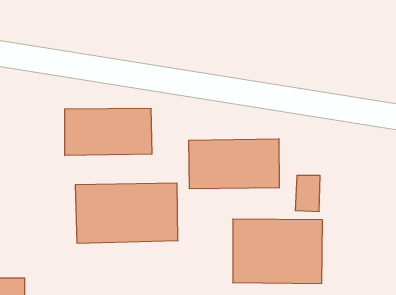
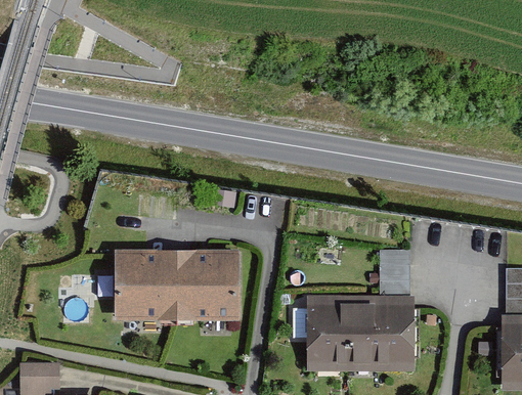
building: [65,108,152,156] -> none
building: [189,139,279,189] -> none

